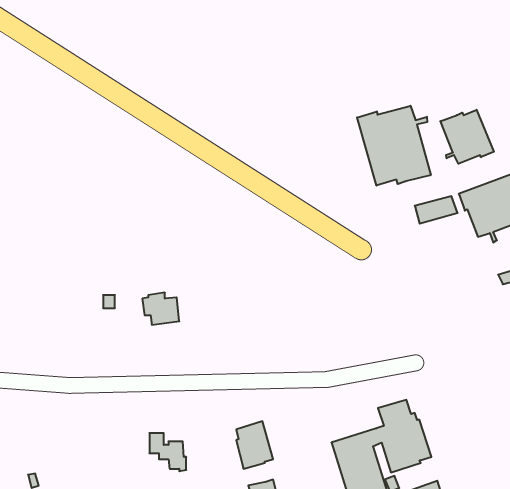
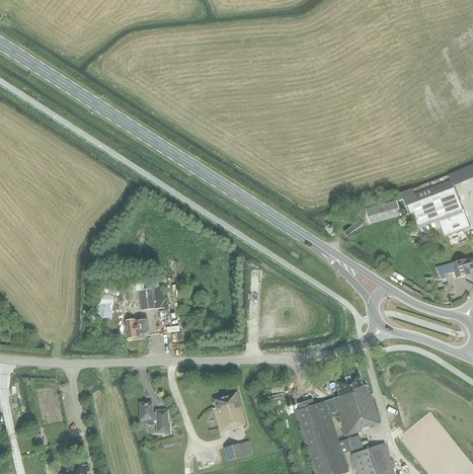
building: [357,106,431,186] -> none
building: [440,110,494,164] -> none
building: none -> [126,317,150,338]

